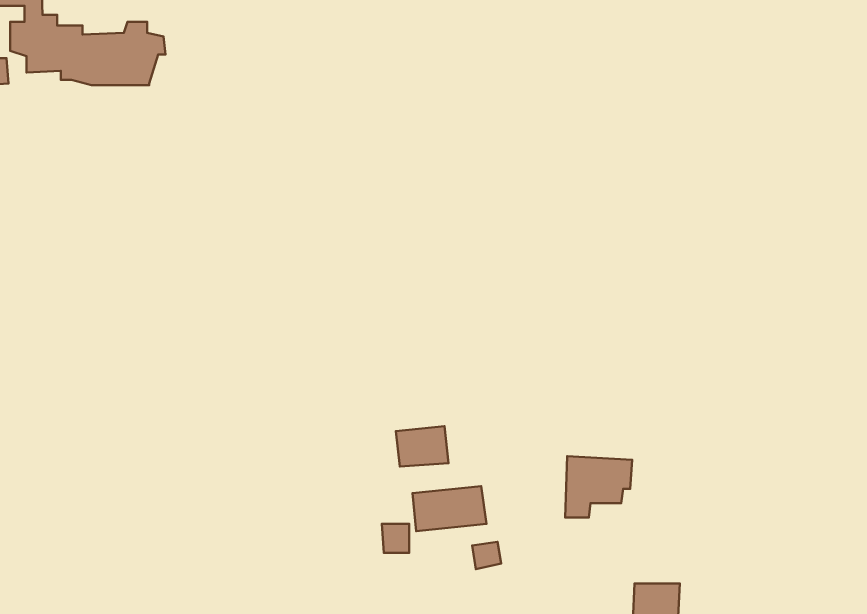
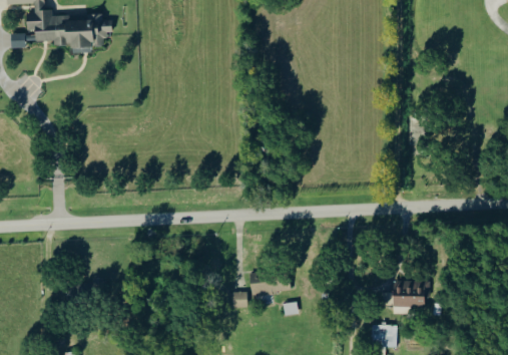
building: [396,426,449,467] -> none
building: [565,456,632,518] -> [393,280,430,314]

